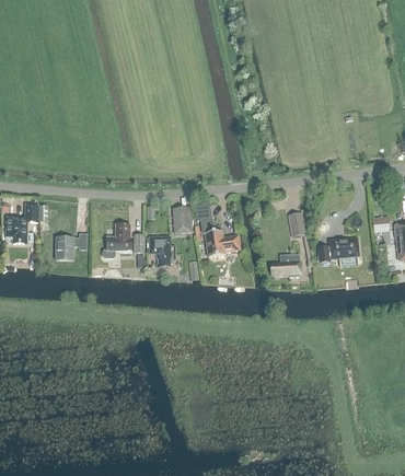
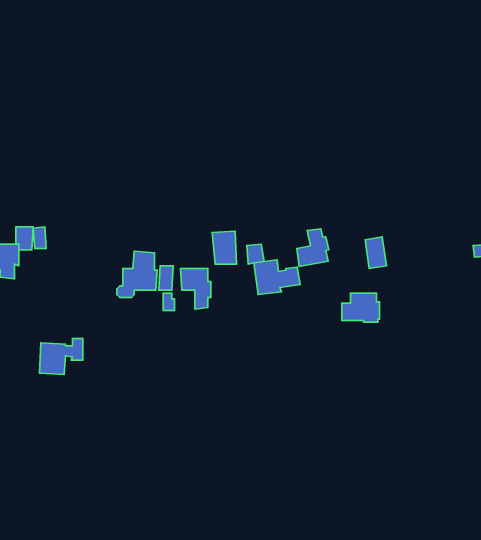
building: none -> [297,229,329,267]
building: [55,232,88,259] -> [39,338,83,375]
building: [319,237,358,264] -> none

